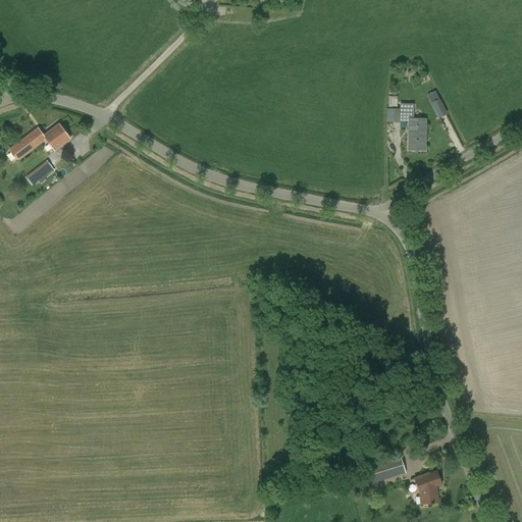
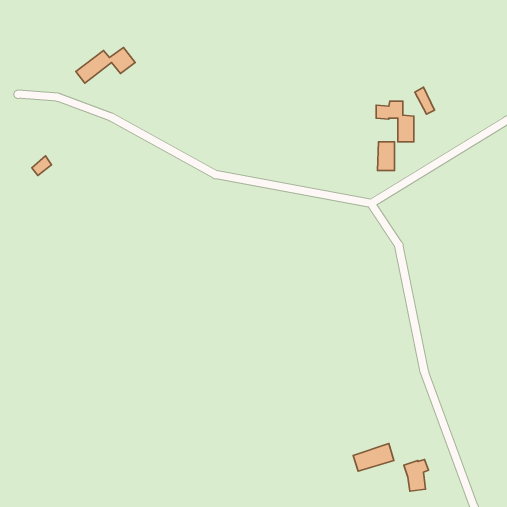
building: [9,124,70,161] -> [76,48,135,83]
building: none -> [378,142,394,171]

